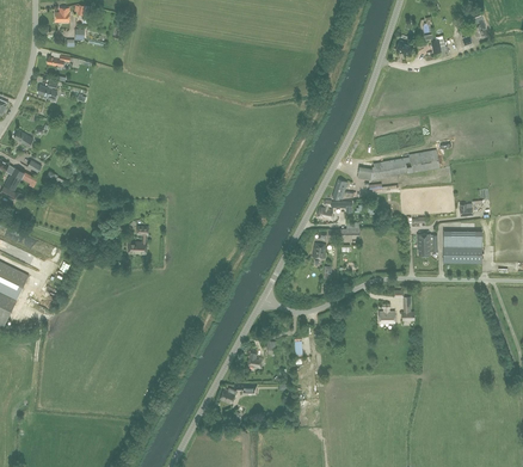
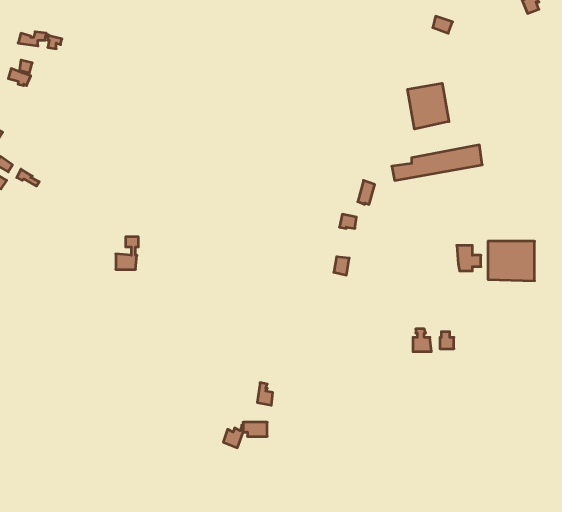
building: none -> [408,83,449,129]

